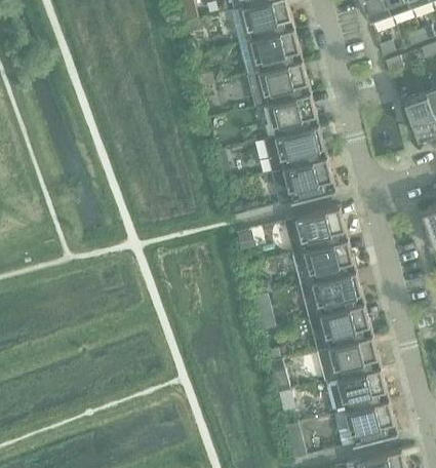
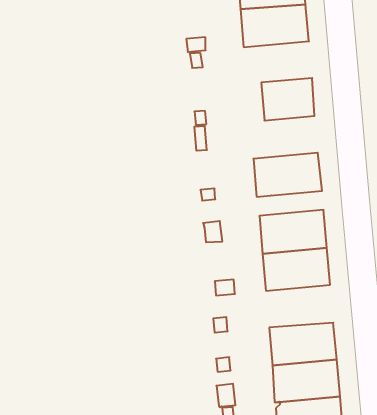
building: [245,62,310,108] -> none
building: [262,126,325,172] -> none
building: [300,272,363,318] -> none

